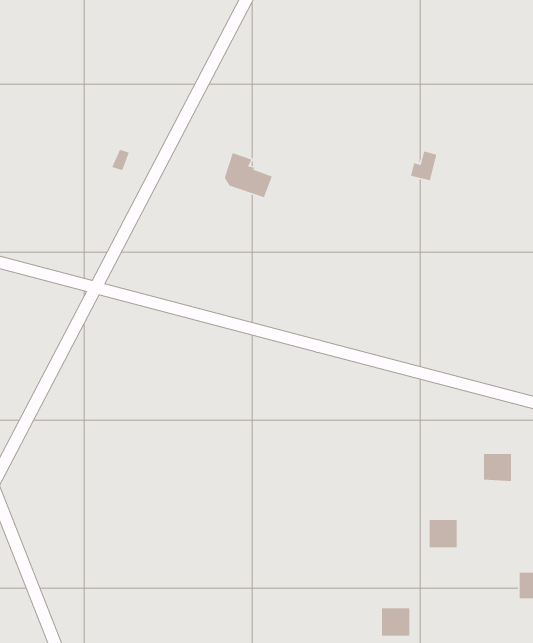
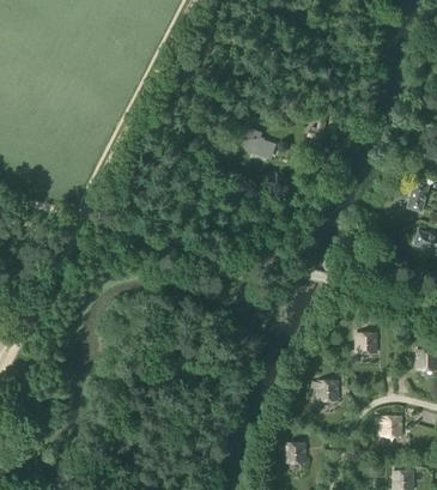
building: [224,152,273,198] -> [241,126,275,158]

